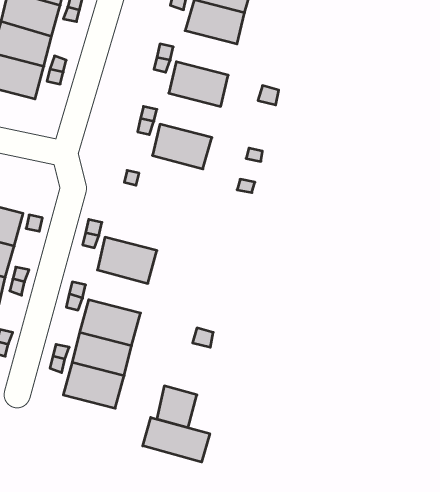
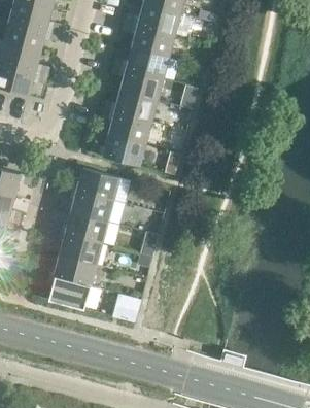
building: none -> [126,47,168,78]
building: none -> [114,91,157,122]
building: none -> [103,134,144,166]
building: none -> [76,168,118,200]
building: none -> [65,213,106,243]
building: [143,417,210,462] -> none

